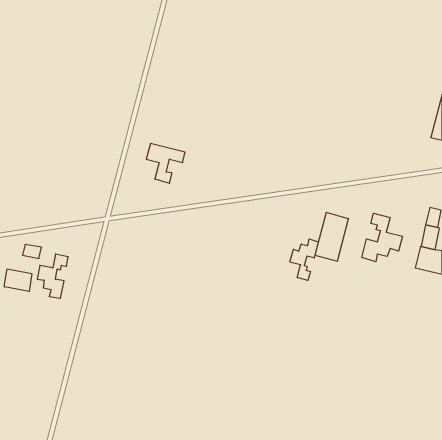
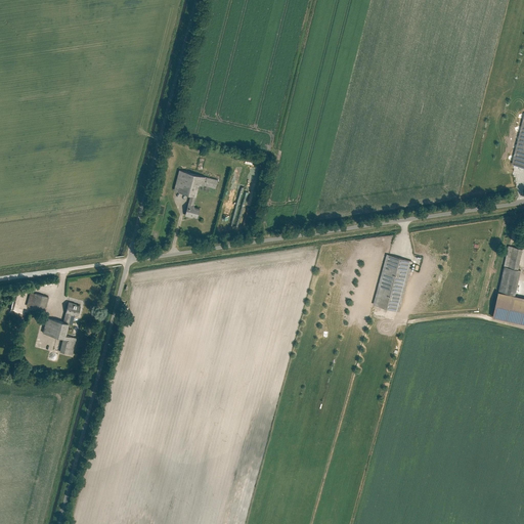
building: [362,213,402,262] -> none
building: [290,239,318,280] -> none
building: [4,269,32,292] -> none

